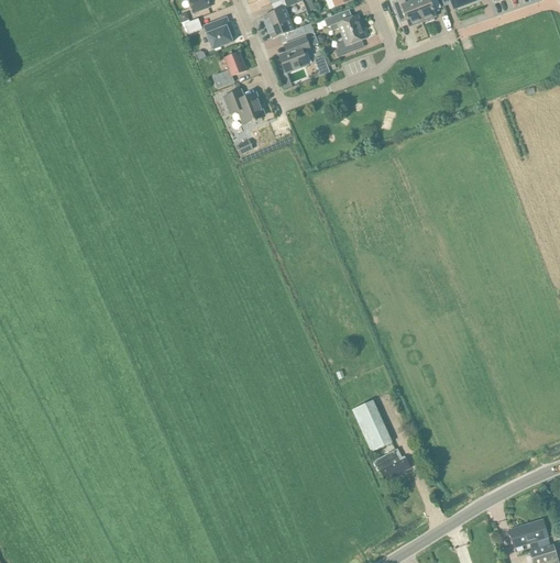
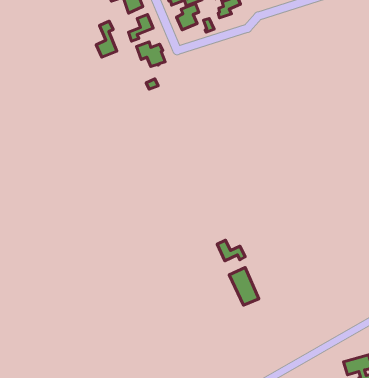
building: none -> [96,21,117,57]
building: none -> [217,240,245,261]
building: [373,448,409,478] -> none

